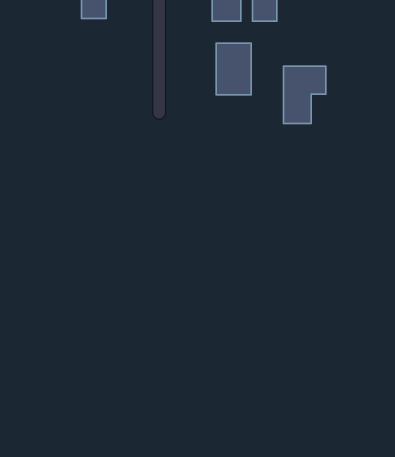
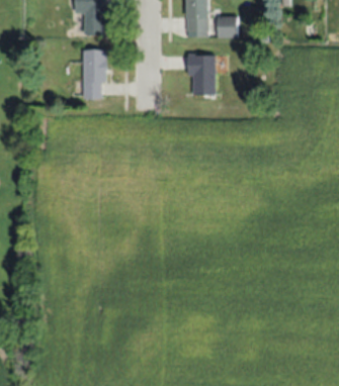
building: none -> [83,50,106,99]
building: [283,66,326,123] -> none

